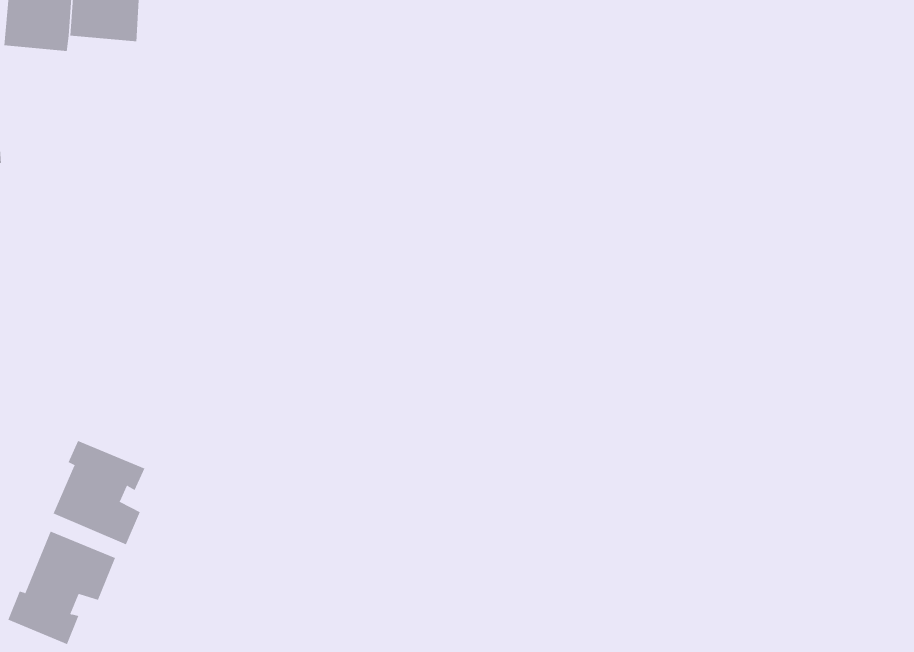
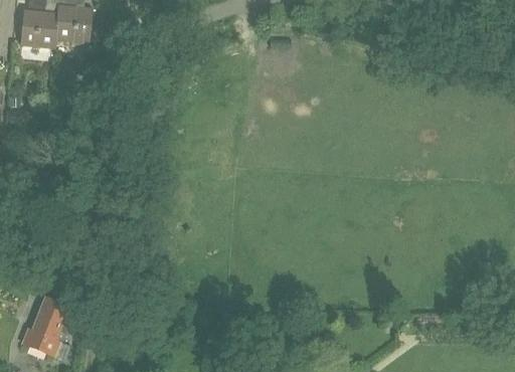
building: [53,440,145,545] -> none

